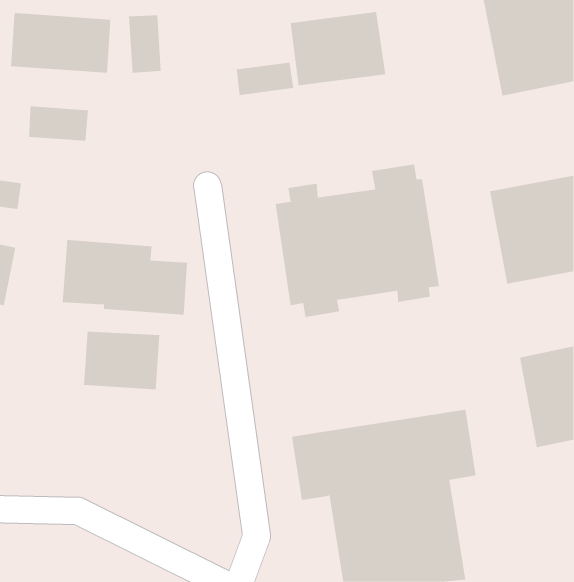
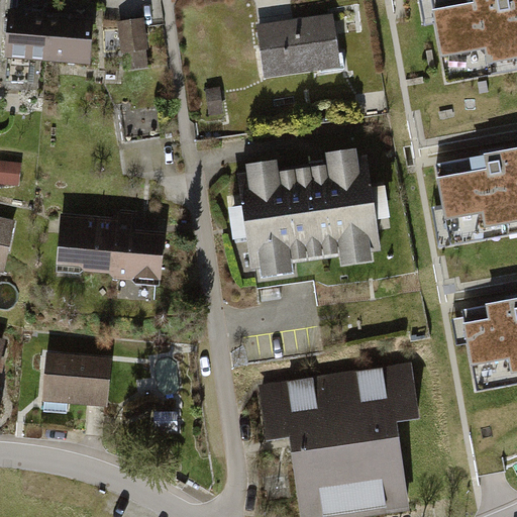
building: [236,62,294,96] -> none
building: [28,106,89,141] -> none
building: [83,331,160,390] -> [43,352,111,404]

